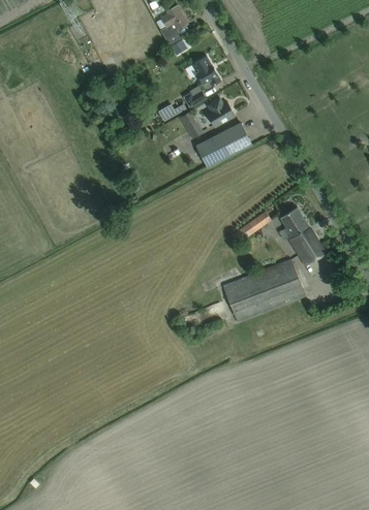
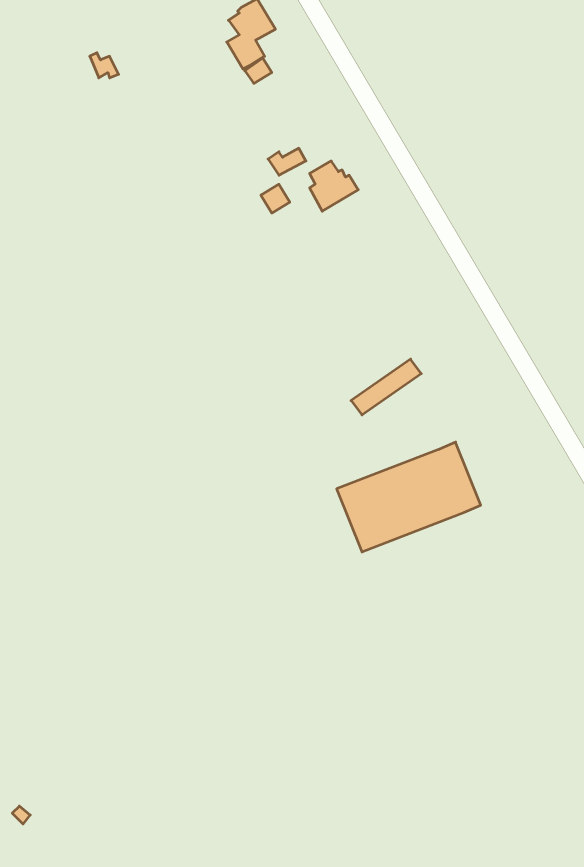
building: [191,57,220,86] -> none
building: [195,123,251,167] -> none
building: [279,206,325,265] -> none

